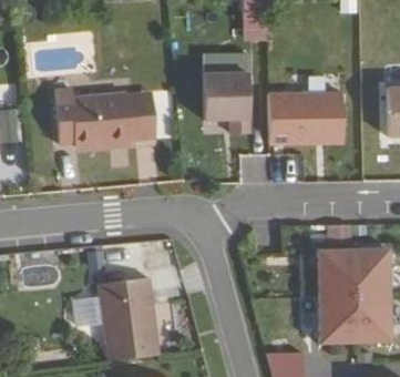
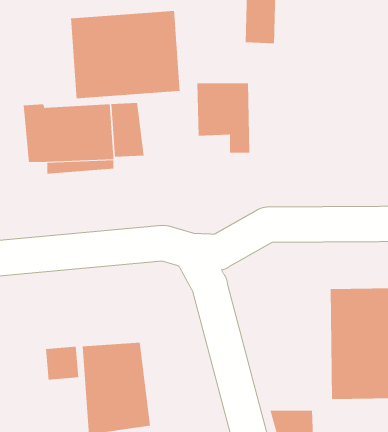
building: none -> [70,10,180,99]
building: [267,91,342,142] -> none

